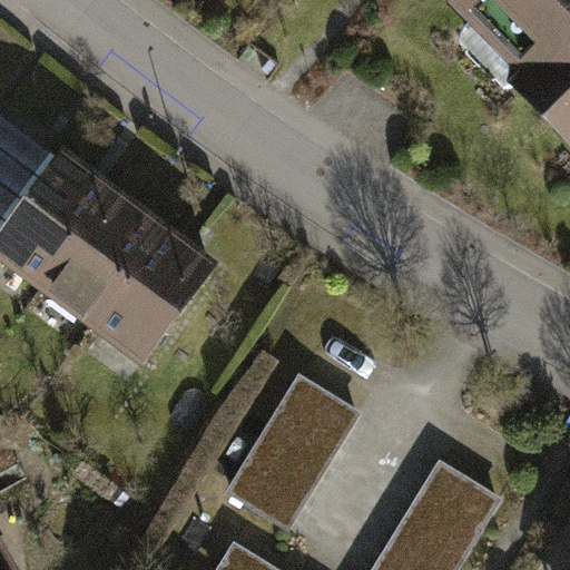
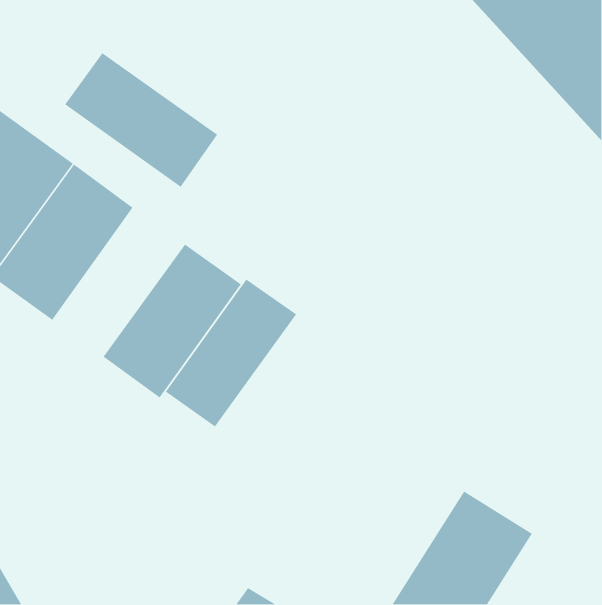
building: none -> [64,52,218,188]
building: [49,194,173,333] -> [165,278,297,428]
building: [225,375,363,533] -> none

